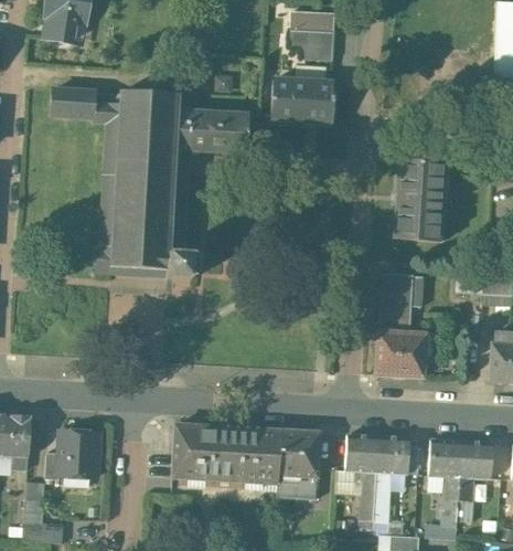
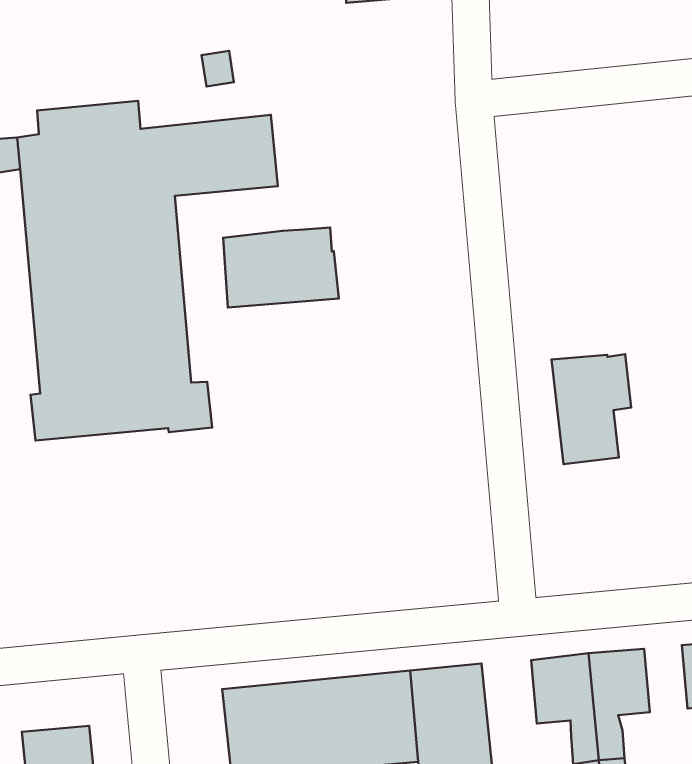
building: [269,80,332,123] -> [223,227,339,307]
building: [396,157,443,241] -> none
building: [376,330,434,377] -> none

